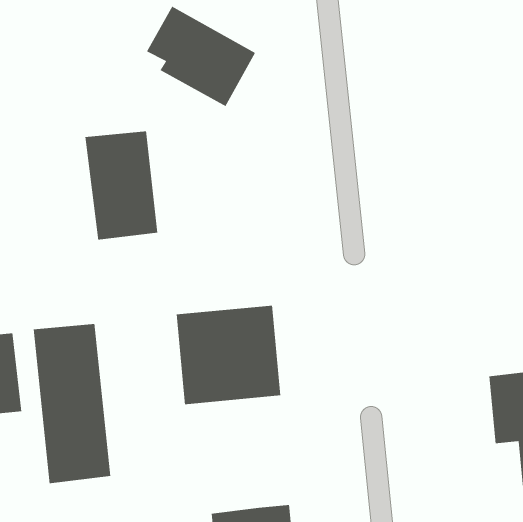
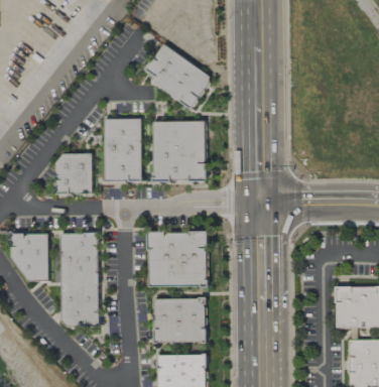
building: none -> [154,120,206,181]
building: none -> [56,152,93,194]
building: none -> [153,297,206,342]

